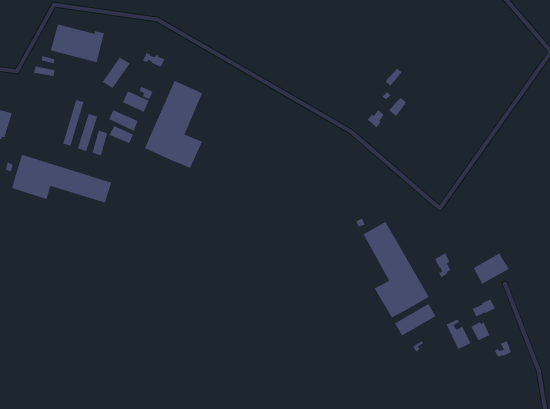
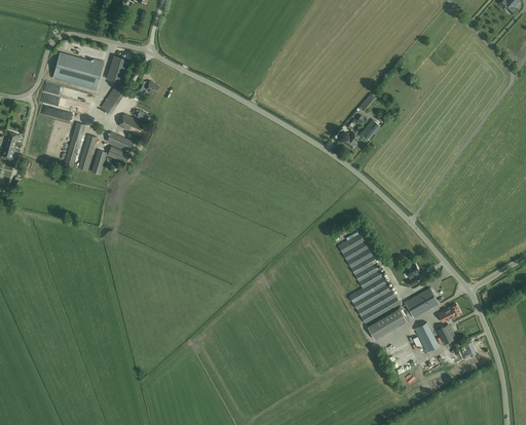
building: none -> [106,55,128,83]
building: [144,80,203,169] -> none
building: [11,154,112,204] -> none
building: [473,252,510,285] -> [405,287,439,317]

